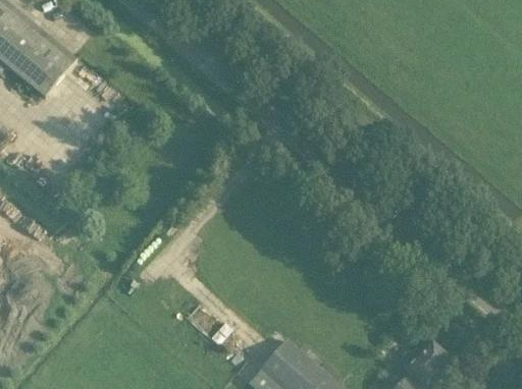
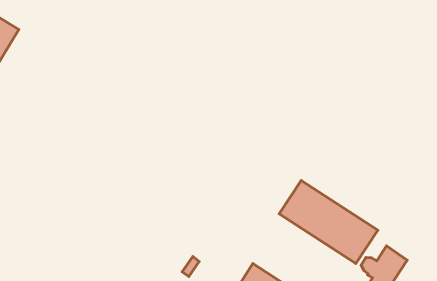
building: none -> [279,181,378,263]

